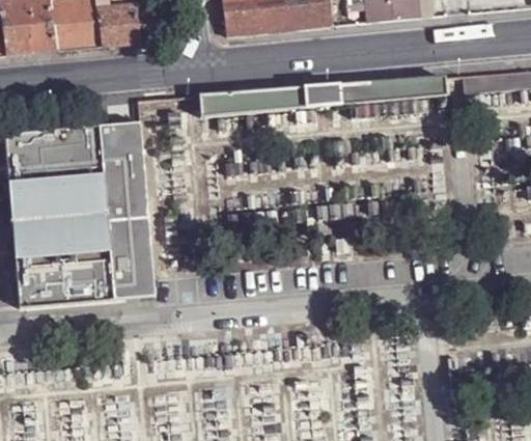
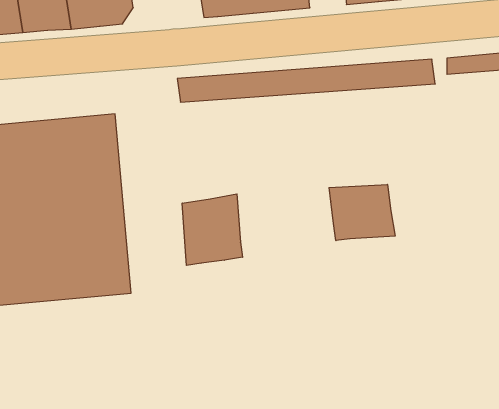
building: none -> [329,184,395,241]
building: none -> [182,194,243,265]

